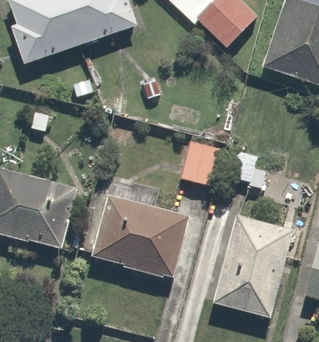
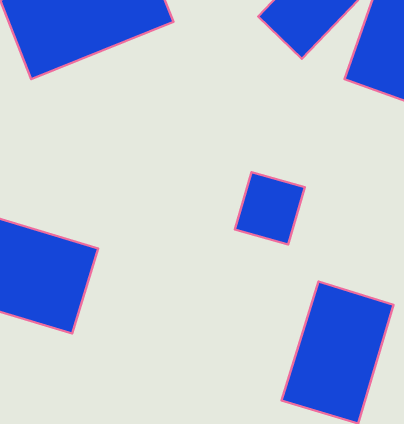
building: [88,194,187,282] -> none

